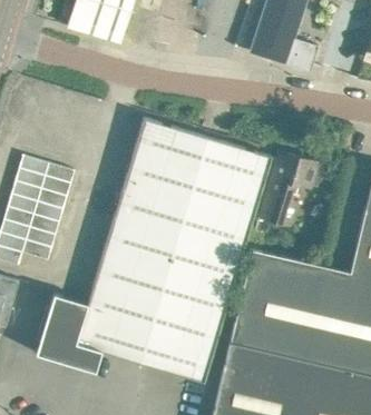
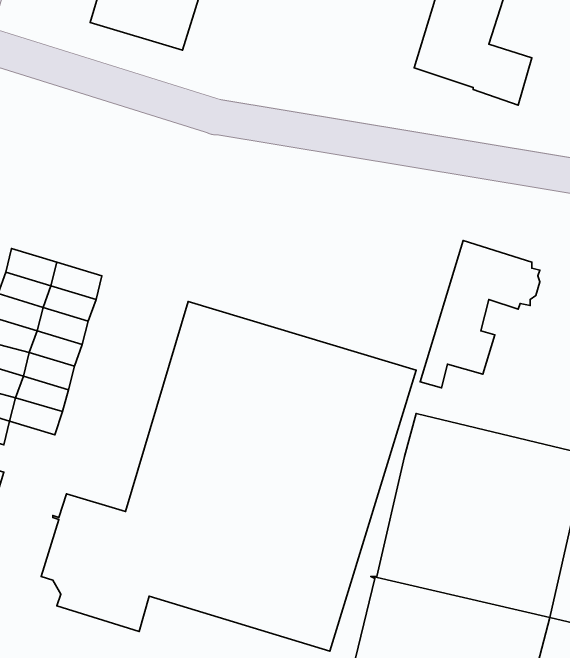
building: [124,118,273,224] -> none

